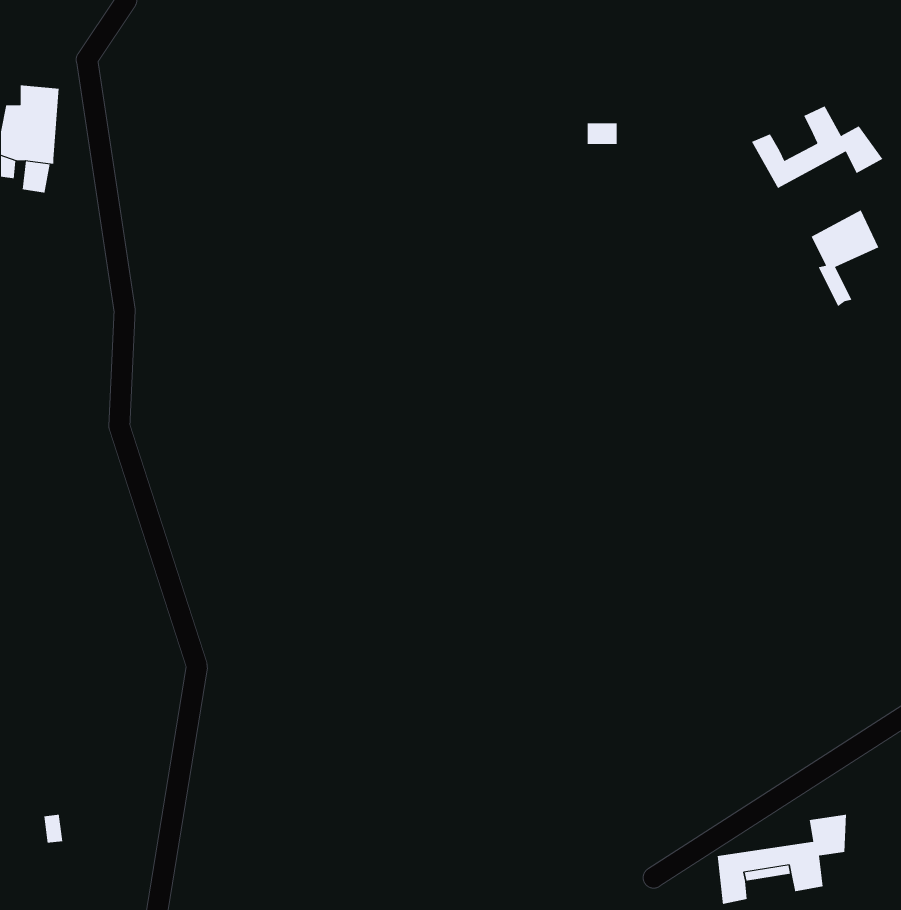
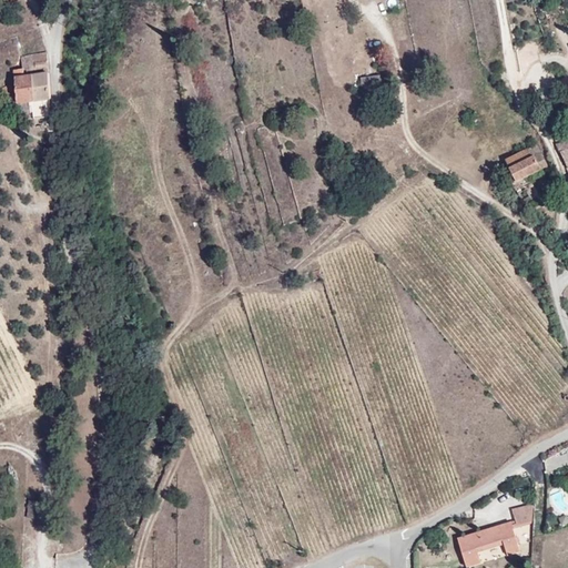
building: [751,105,883,189] -> none

